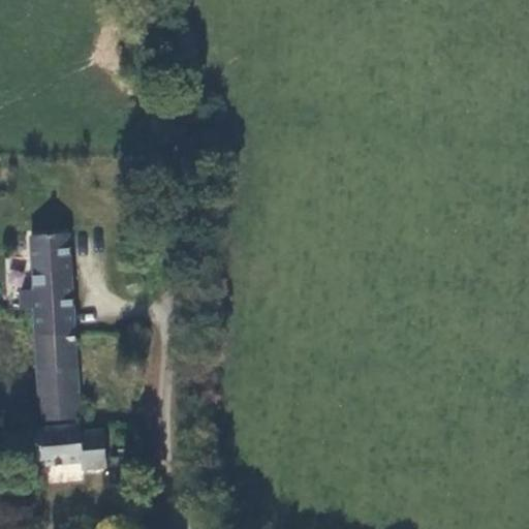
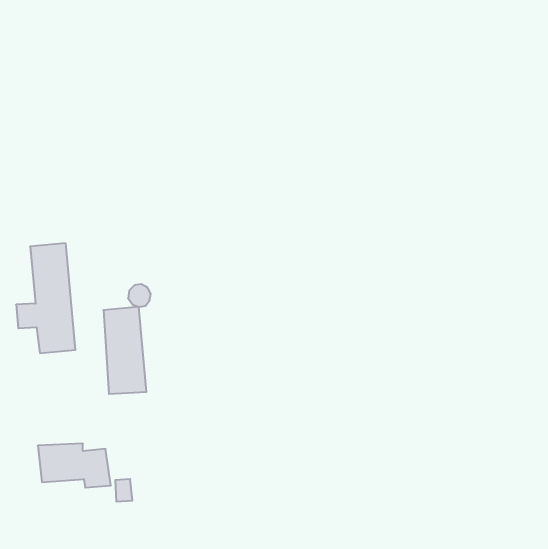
building: [38,337,80,421] -> [103,307,146,394]

